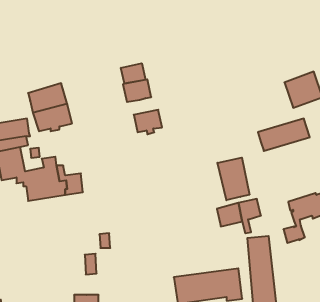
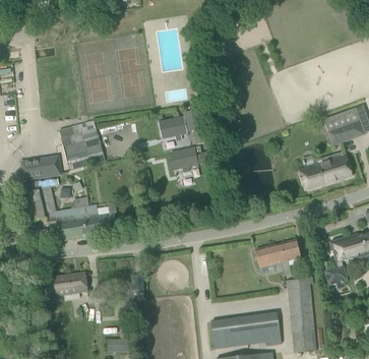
building: [121,63,146,84] -> none
building: [217,158,249,200] -> none
building: none -> [39,272,87,297]

